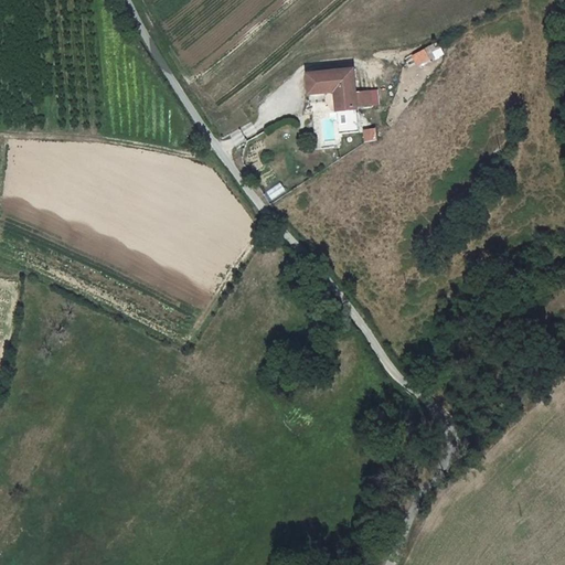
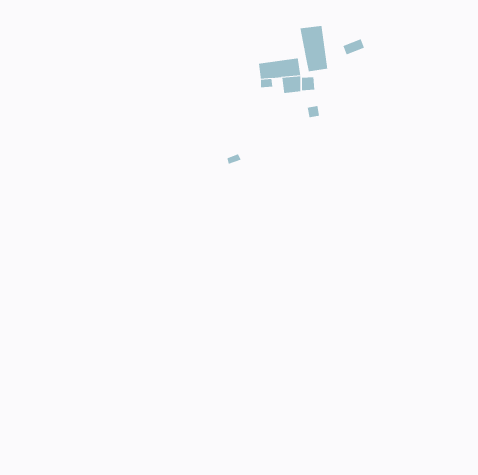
building: none -> [300,25,328,72]

